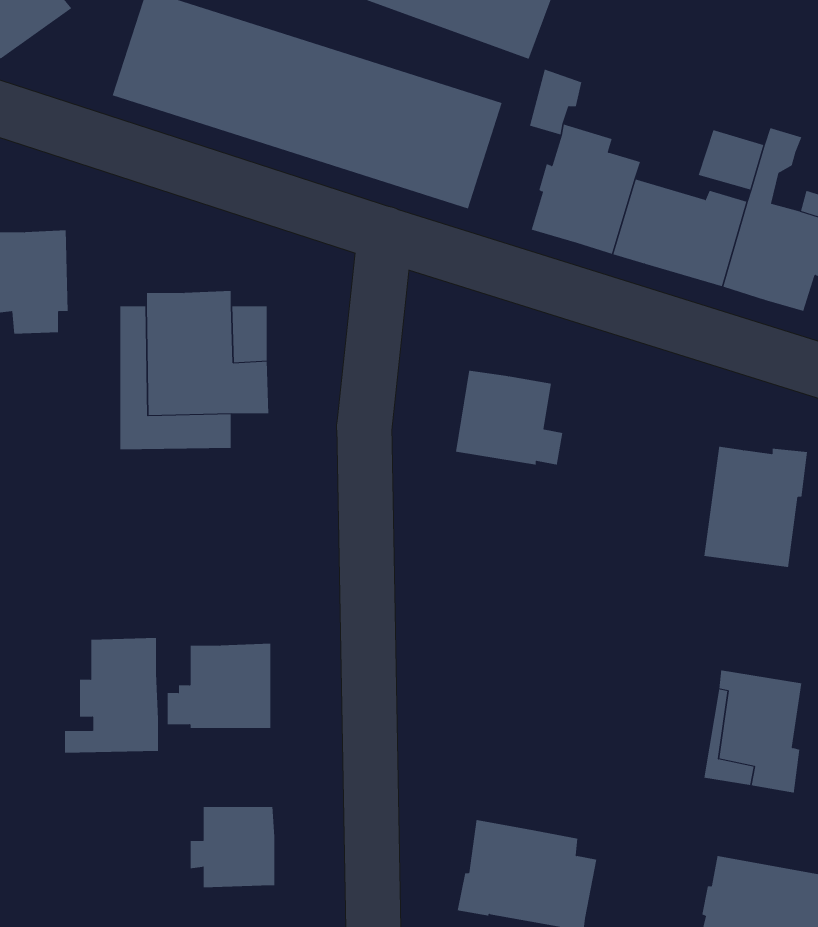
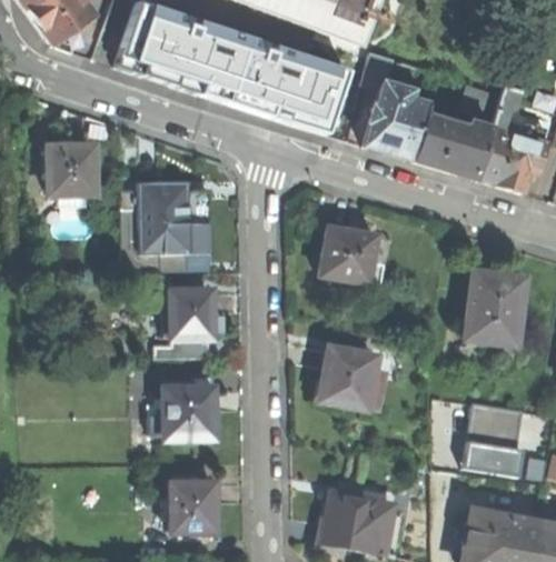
building: none -> [319,345,385,405]
building: [64,638,159,753] -> [155,288,210,355]

